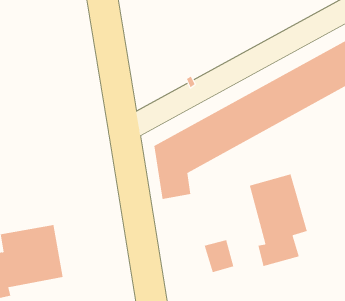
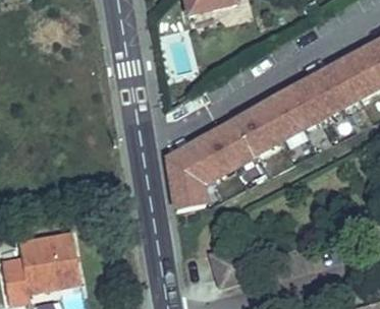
building: [249,173,307,267] -> none

